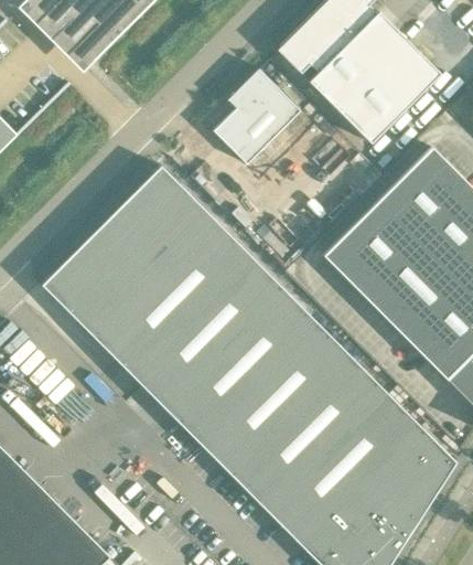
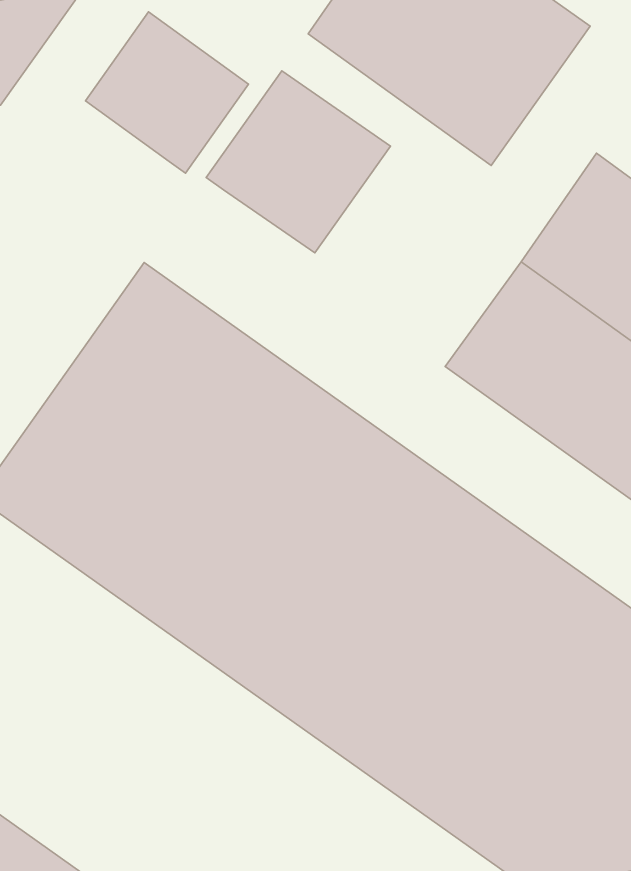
building: none -> [86,12,249,173]

